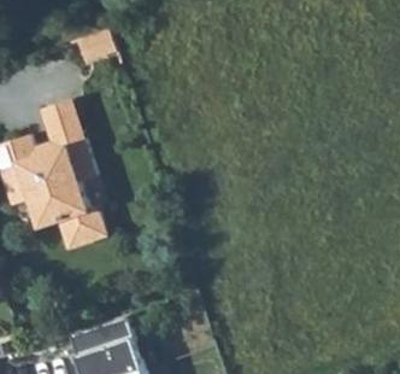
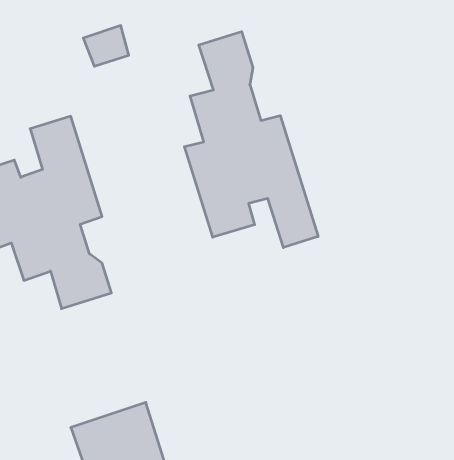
building: none -> [184,32,318,248]

